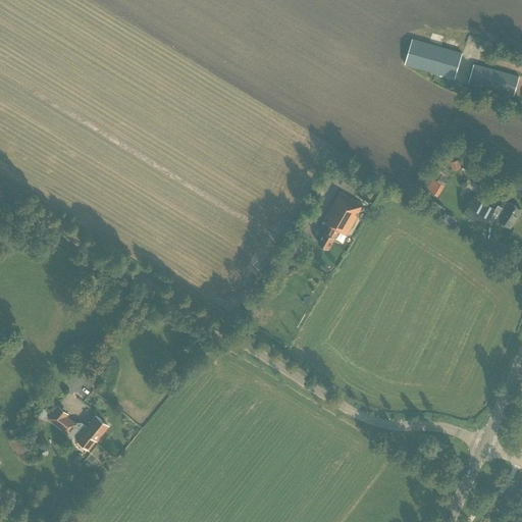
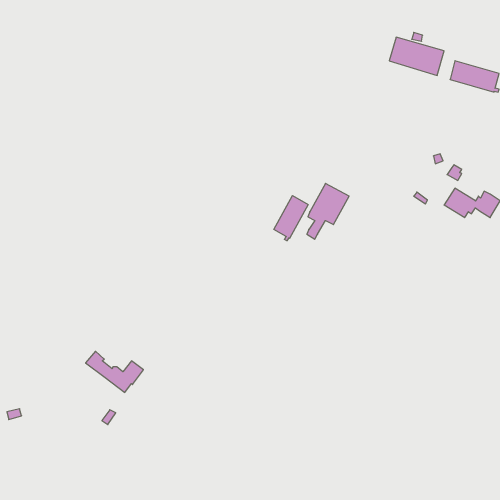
building: none -> [274,196,308,241]
building: [47,405,107,448] -> [86,351,143,392]

